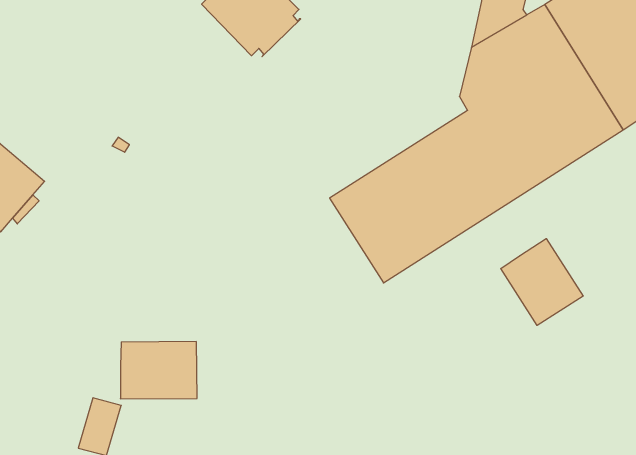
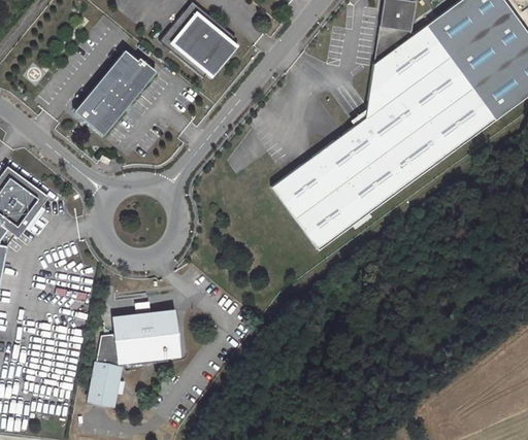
building: none -> [79,52,154,132]
building: [501,239,583,325] -> none
building: none -> [99,333,122,364]

